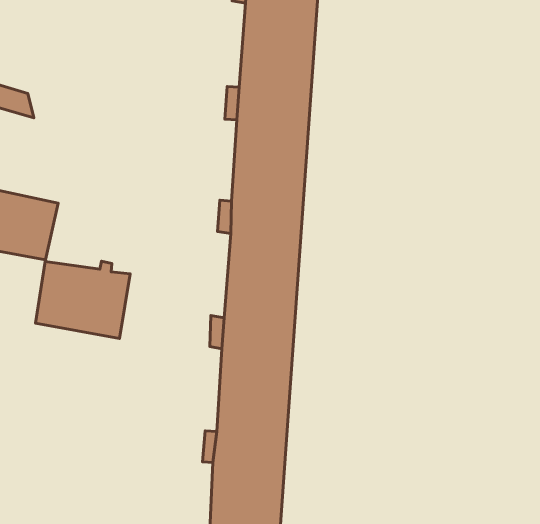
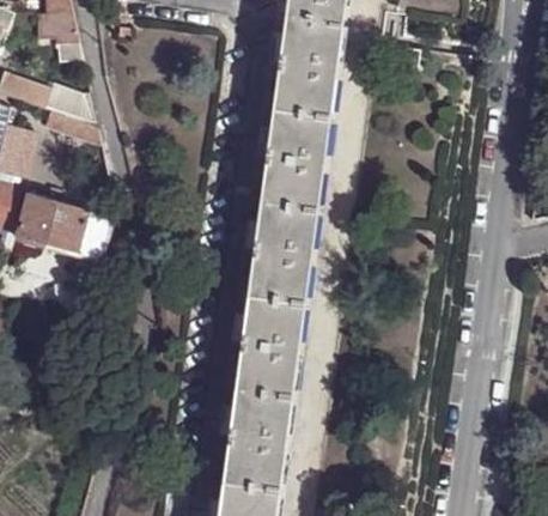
building: [36,261,130,339] -> none

